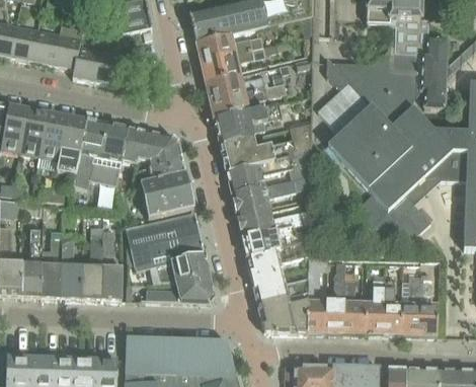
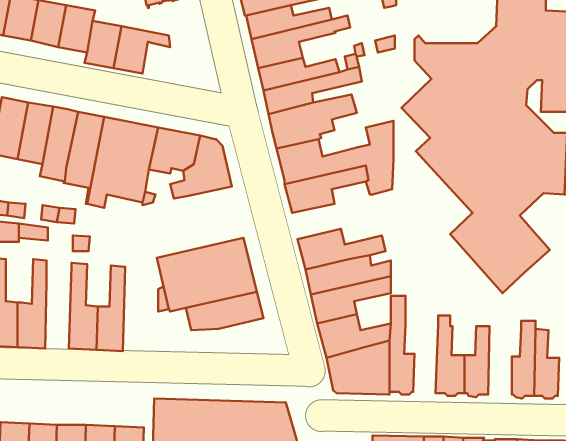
building: [141,172,193,217] -> none
building: [232,178,296,213] -> none
building: [101,230,123,300] -> none
building: [42,234,62,297] -> none
building: [325,260,344,333] -> none
building: [141,274,215,302] -> none
building: [383,280,401,334] -> none

